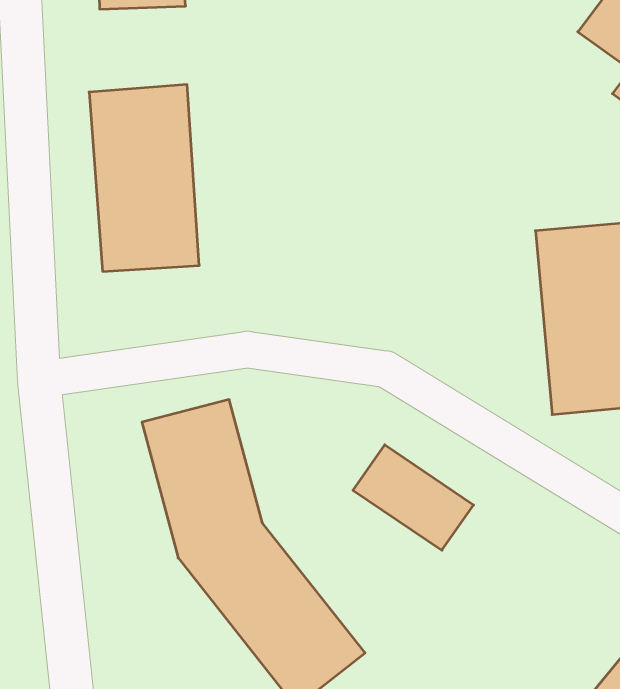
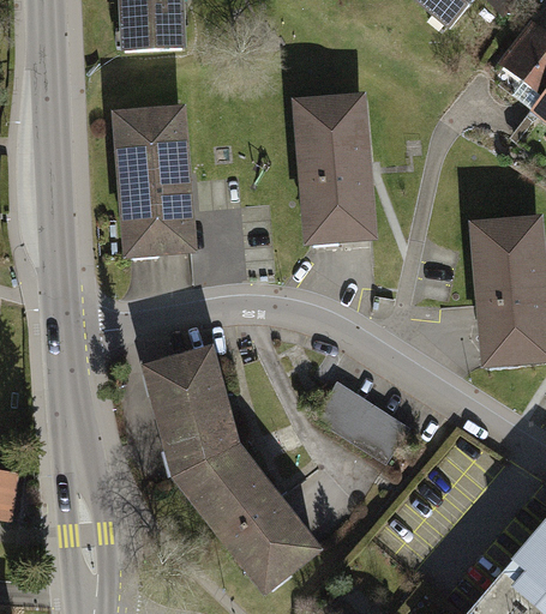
building: none -> [288,90,372,240]

